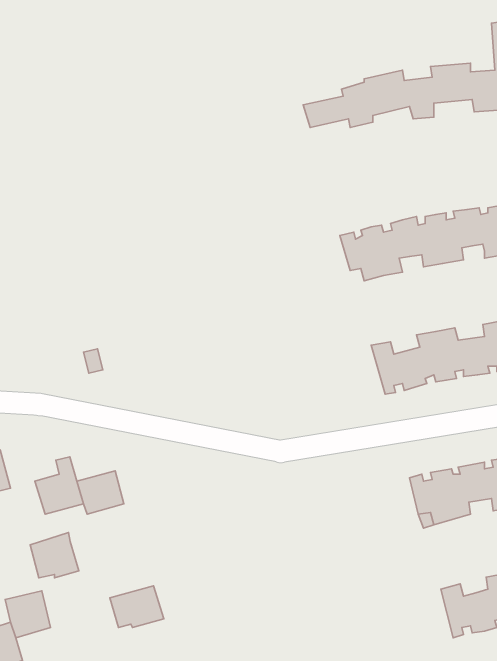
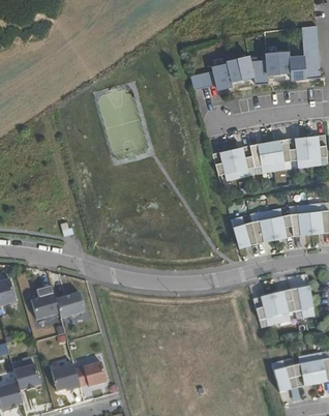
building: [30,533,79,578] -> [51,363,80,390]

